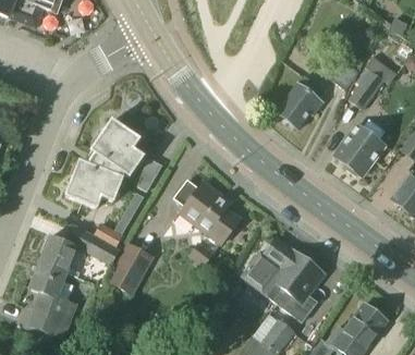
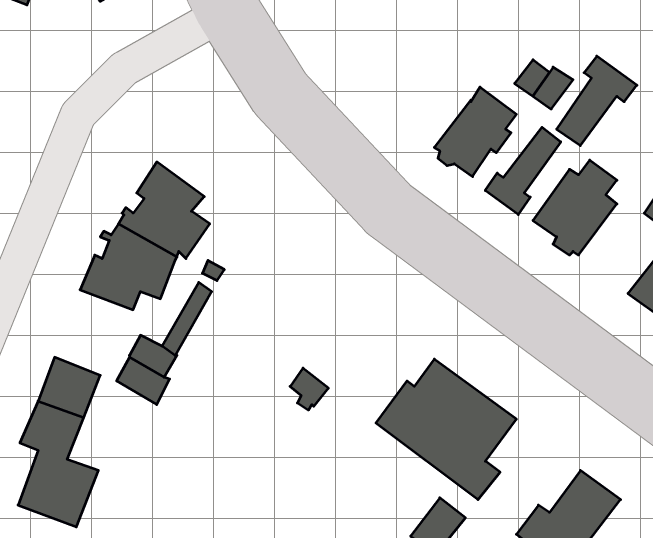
building: none -> [485,127,561,215]
building: [172,180,240,245] -> none
building: [107,243,154,296] -> none

